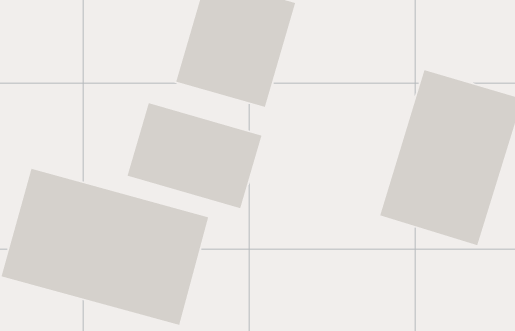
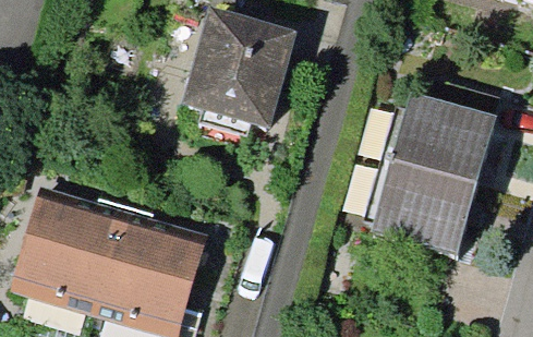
building: [127,102,263,209] -> none

